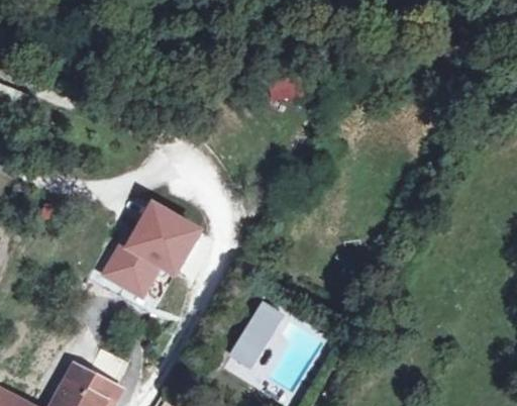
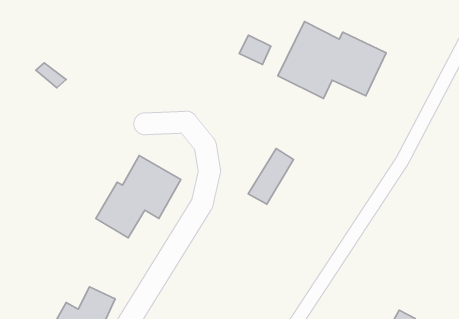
building: none -> [278,21,386,99]
building: [229,305,279,366] -> [248,148,294,204]

